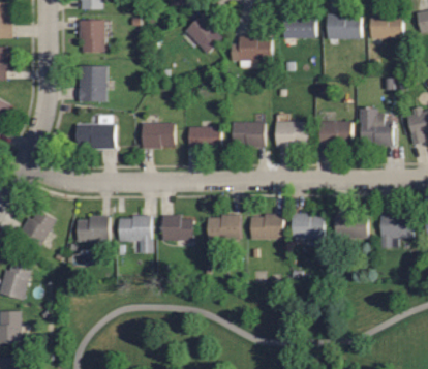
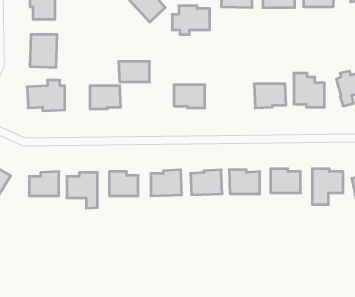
building: [276,121,308,147] -> none
building: [188,126,221,148] -> [119,62,150,82]

